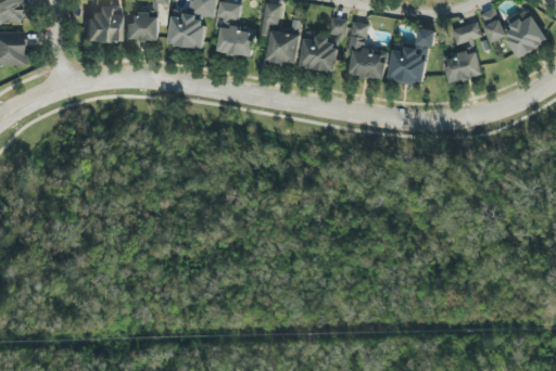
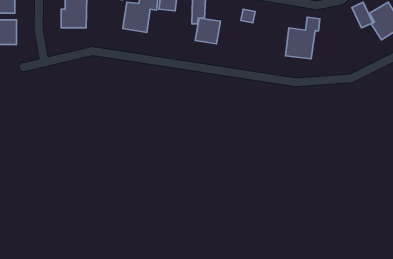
building: [123,12,155,41] -> none
building: [348,22,386,78] -> none
building: [443,22,482,85] -> none
building: [217,25,253,56] -> none
building: [300,30,337,72] -> none

